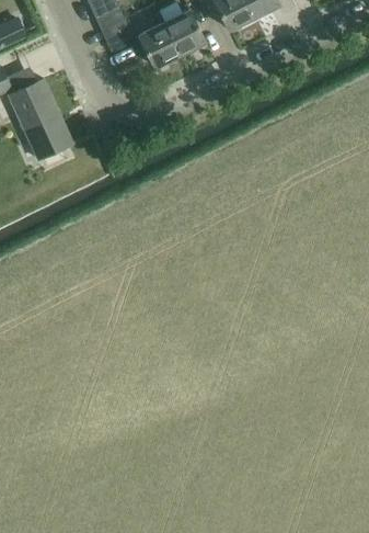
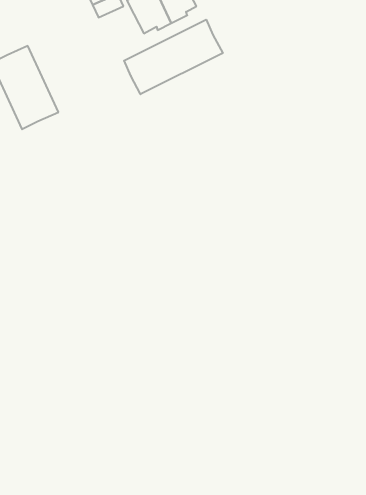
building: none -> [124,20,223,94]

